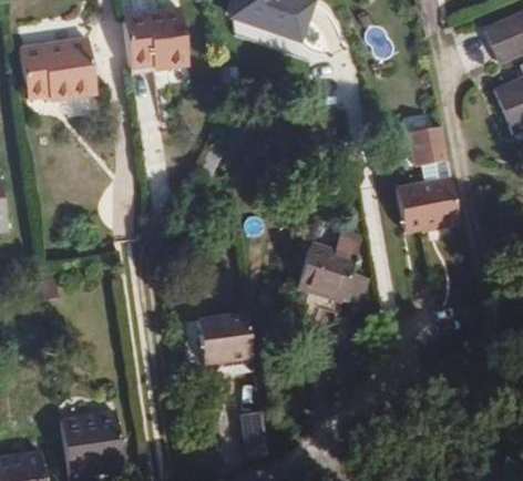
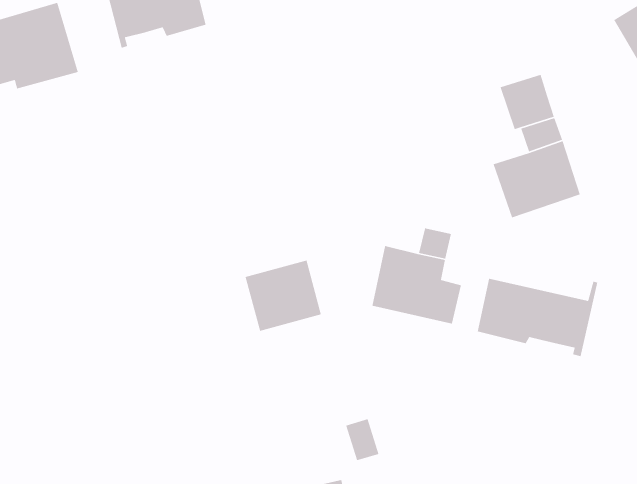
building: none -> [477,278,598,357]
building: [196,314,250,364] -> [245,260,322,332]

